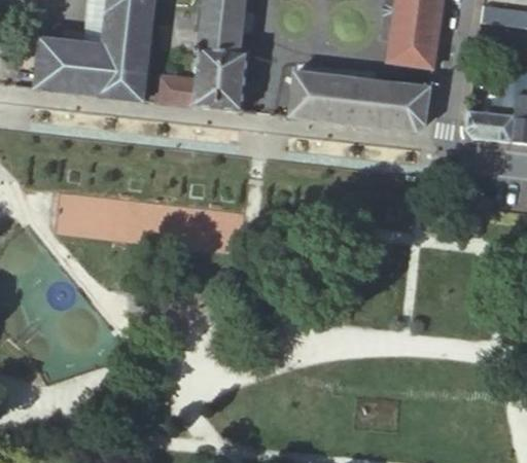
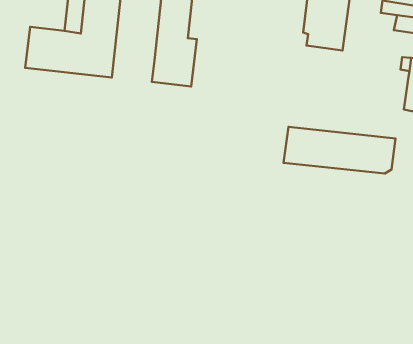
building: [290,71,431,130] -> [284,127,396,174]
building: [150,73,198,105] -> none
building: [467,96,518,140] -> none

